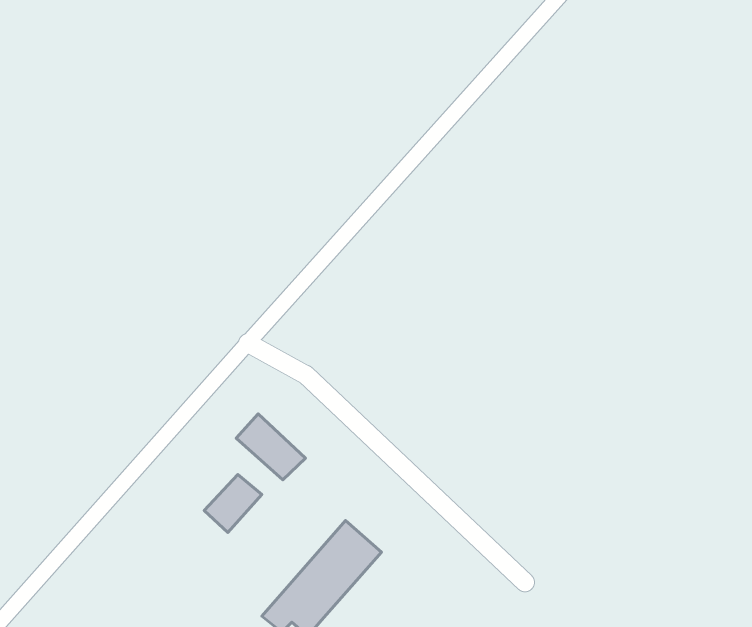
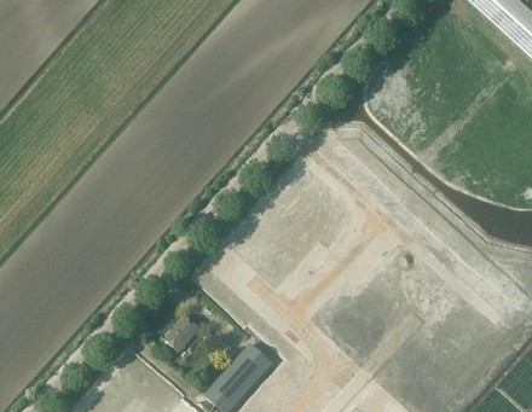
building: [236,414,305,480] -> none

